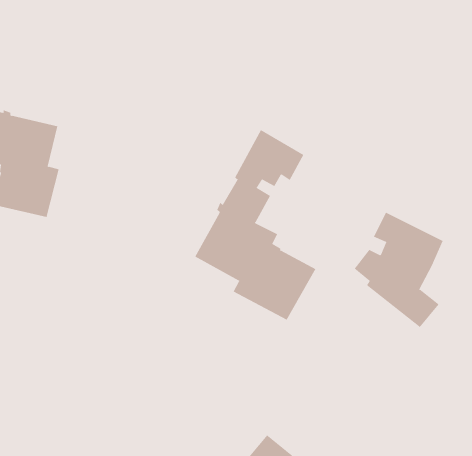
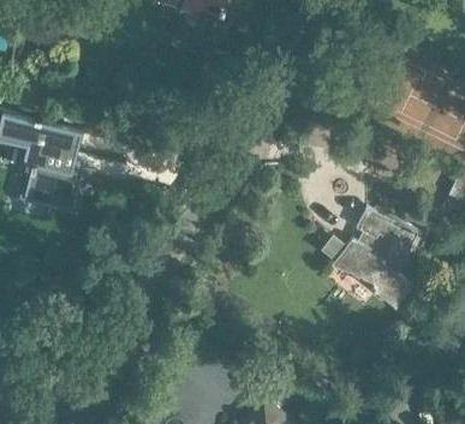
building: [194,129,316,321] -> none

